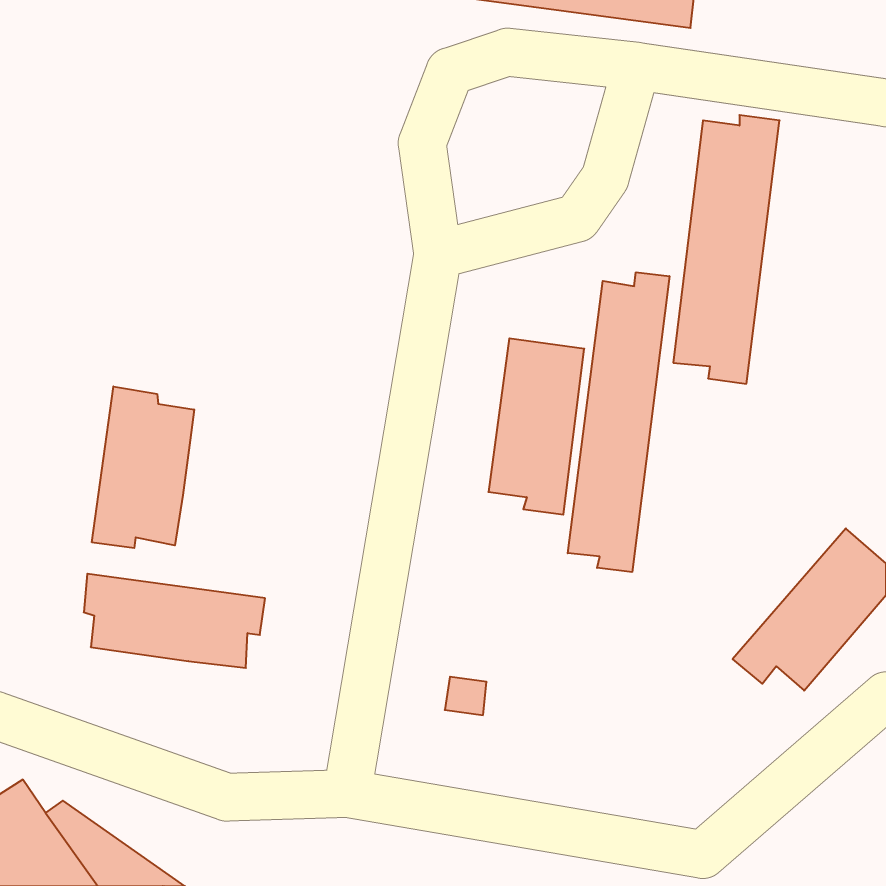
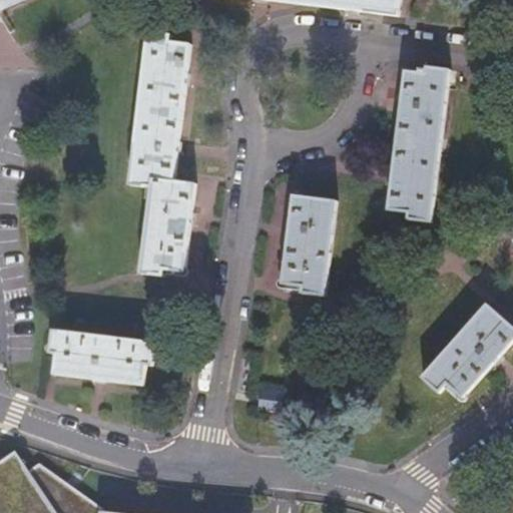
building: none -> [127,31,193,275]
building: [568,272,669,572] -> none
building: [92,386,194,548] -> none

